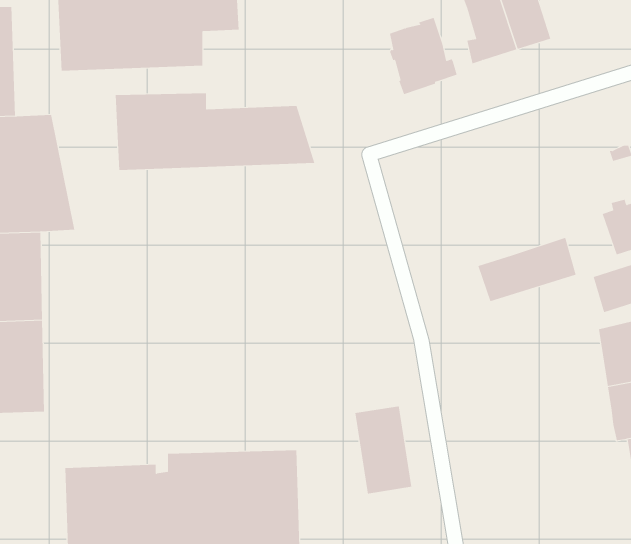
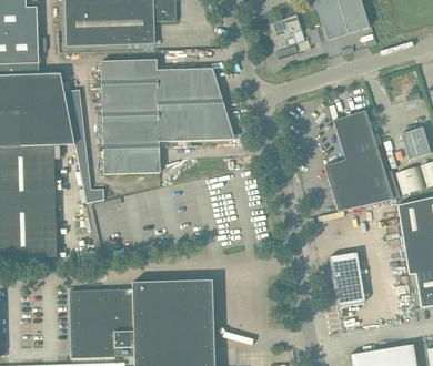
building: none -> [102,103,234,174]
building: none -> [332,110,377,160]
building: none -> [331,172,393,212]
building: [354,406,412,494] -> [329,252,364,306]

